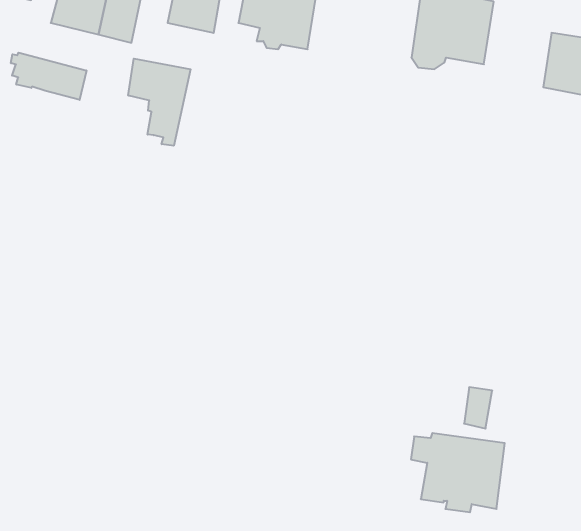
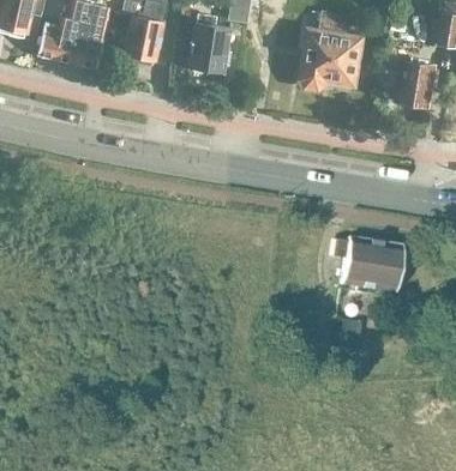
building: [11,53,86,100] -> none
building: [128,59,191,146] -> none
building: [411,433,505,512] -> [332,237,401,295]

